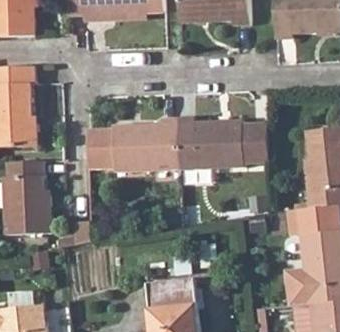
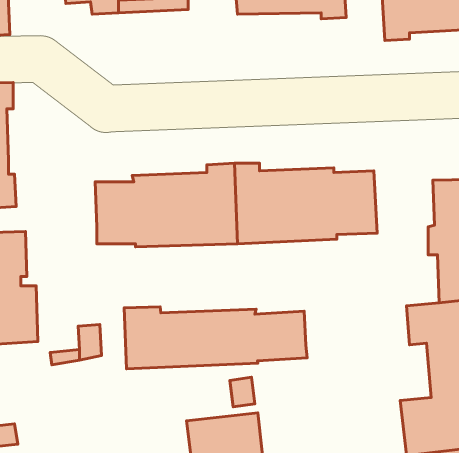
building: none -> [124,307,307,369]

